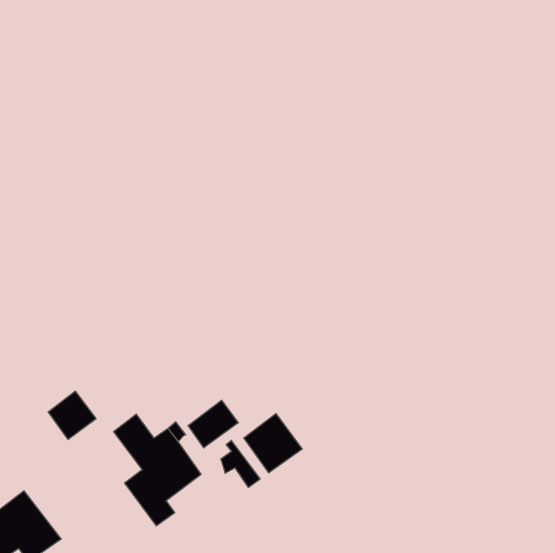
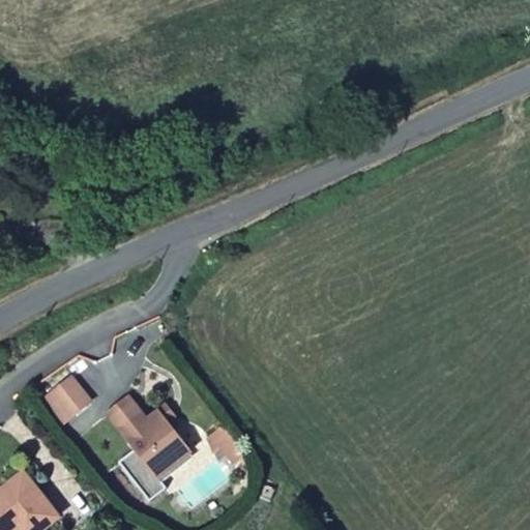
building: [188,400,238,448] -> none
building: [244,414,302,473] -> none

